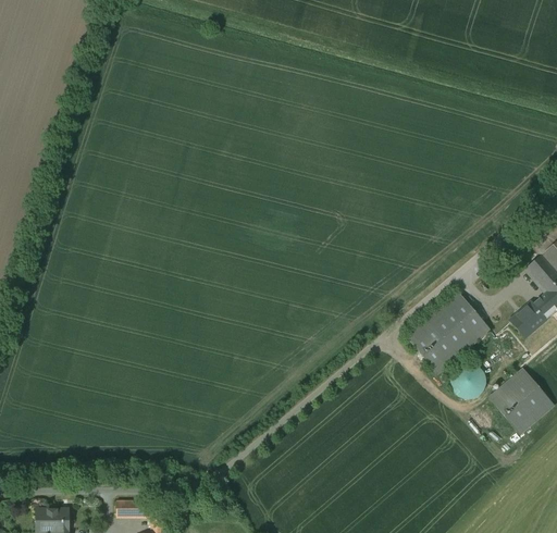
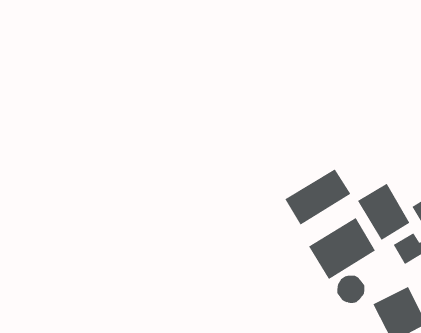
building: none -> [284,169,351,225]
building: none -> [357,183,410,241]

